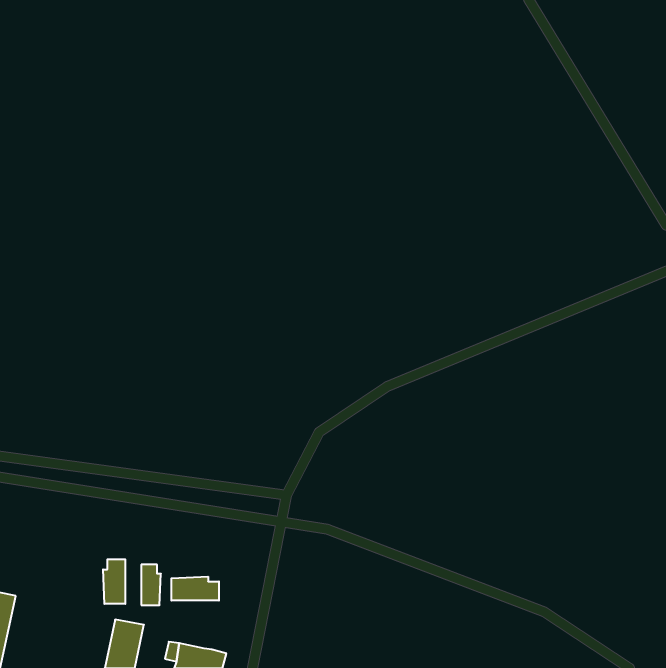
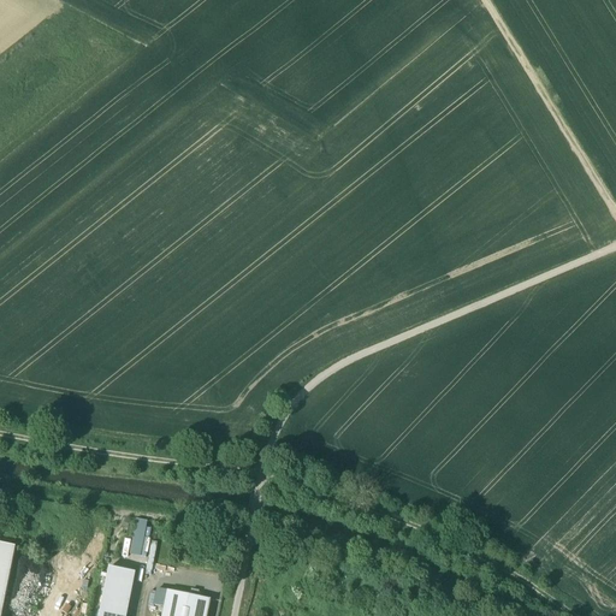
building: [103,559,125,604] -> none
building: [171,577,219,601] -> none

